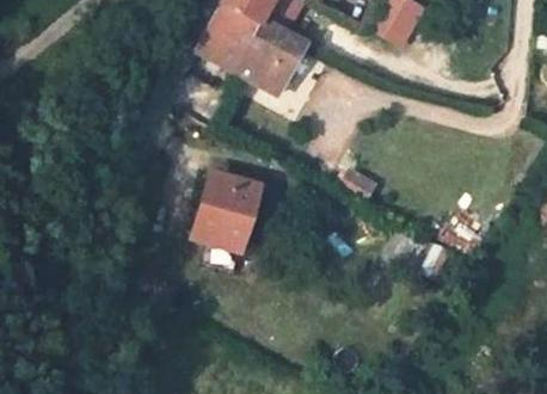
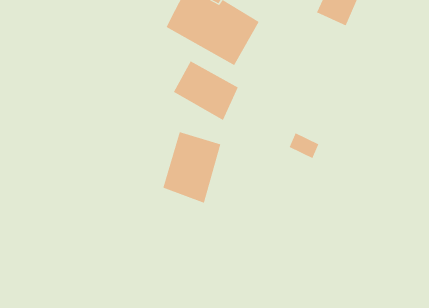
building: none -> [173,60,239,121]

